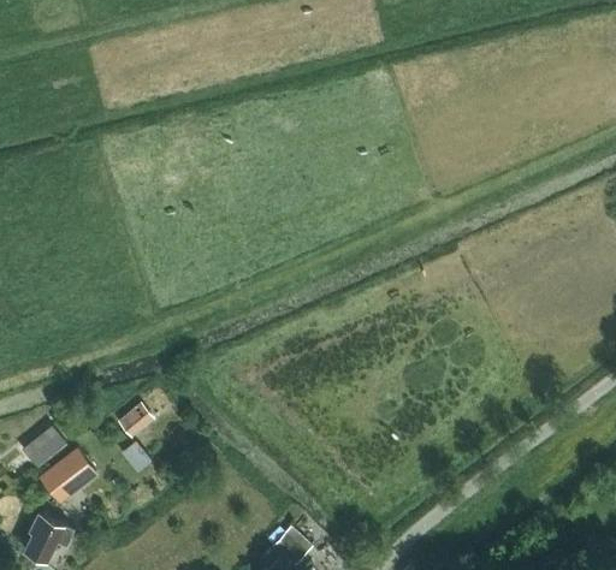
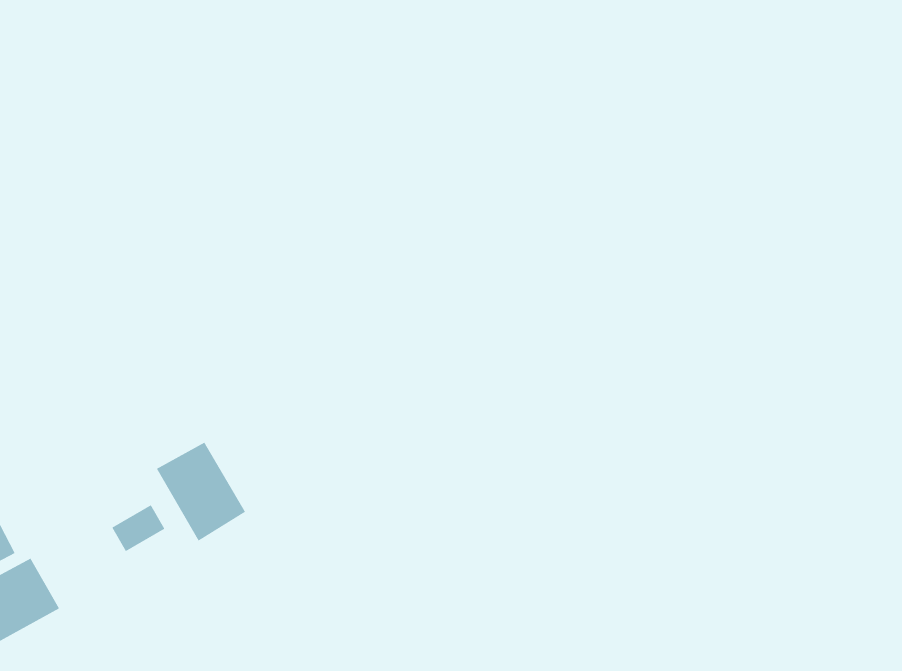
building: none -> [156,442,246,541]

